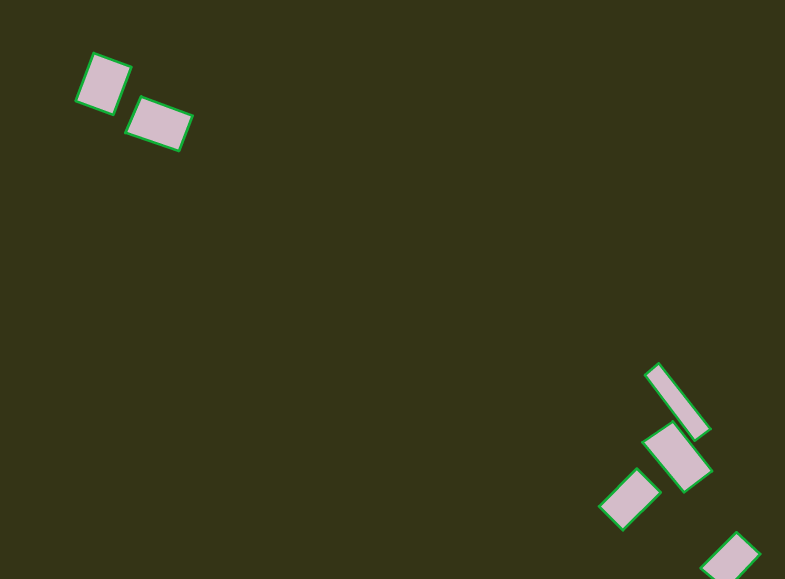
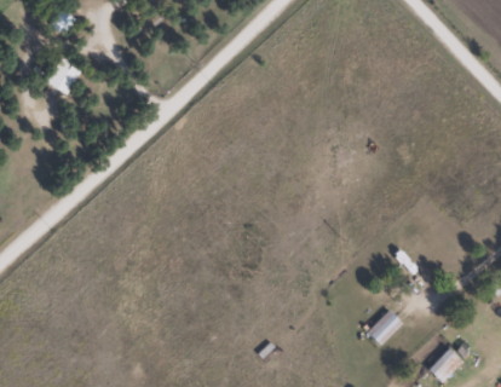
building: [125,96,193,151] -> none
building: [642,421,712,492] -> none

